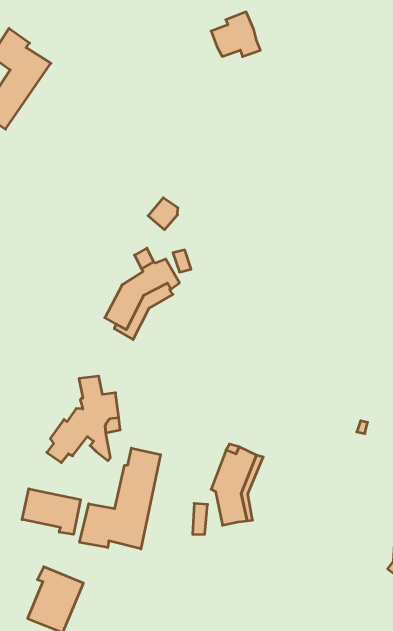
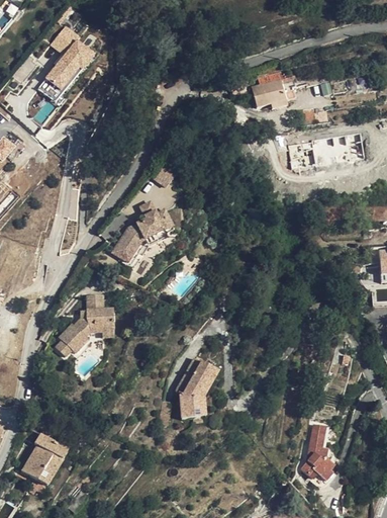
building: [211,12,260,57] -> [252,74,287,107]
building: [80,448,161,549] -> none
building: [22,489,81,534] -> none

